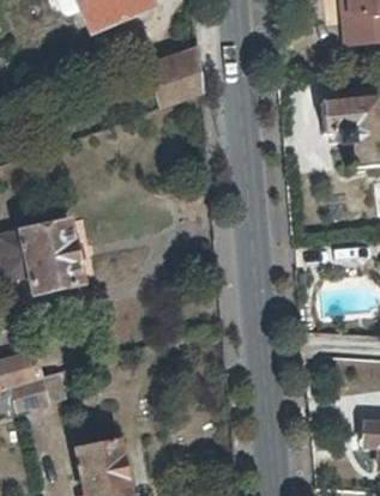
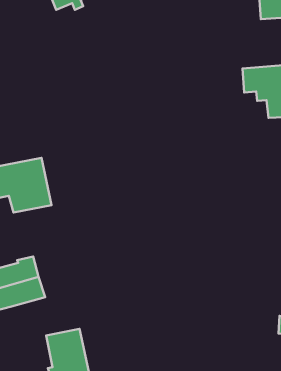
building: [141,47,195,104] -> none

